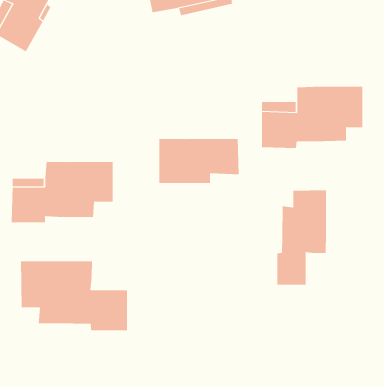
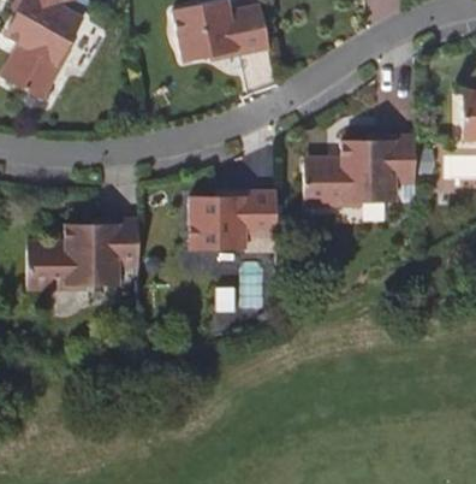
building: [277,190,327,286] -> none
building: [20,260,128,331] -> none

